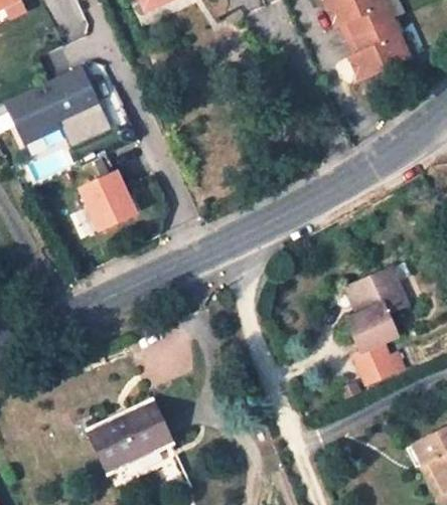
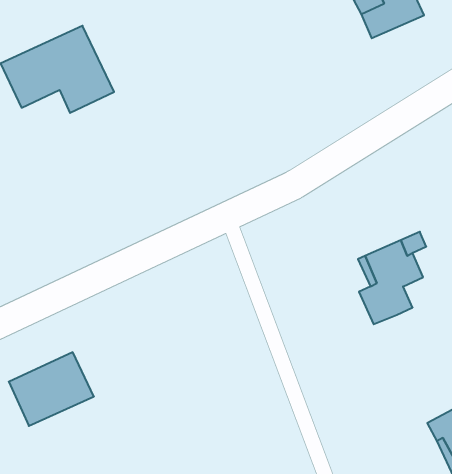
building: [82,171,137,229] -> none
building: [354,342,405,384] -> none
building: [90,402,171,473] -> [9,352,94,426]

